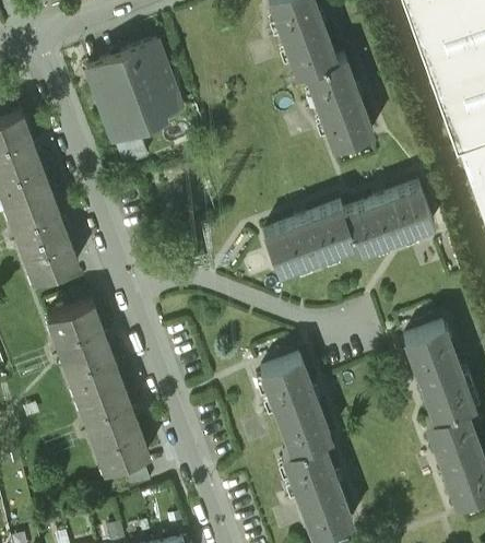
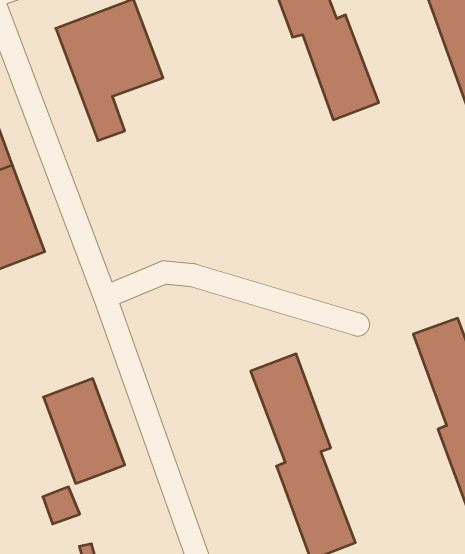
building: [262,182,434,271] -> none
building: [47,299,119,392] -> none
building: [116,456,149,488] -> [43,487,80,524]

